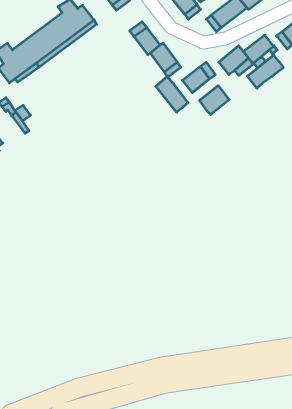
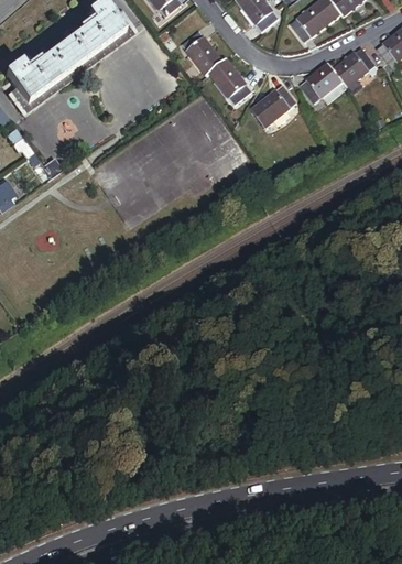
building: [247,55,283,88] -> none
building: [156,77,188,112] -> none
building: [200,86,229,115] -> none

